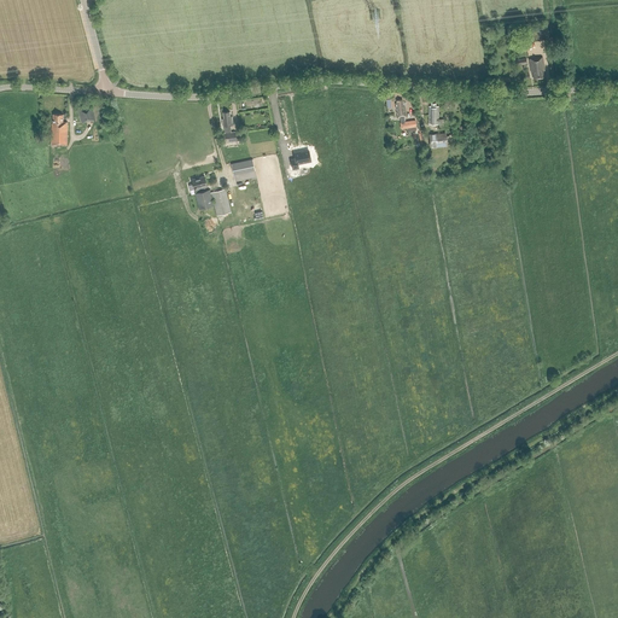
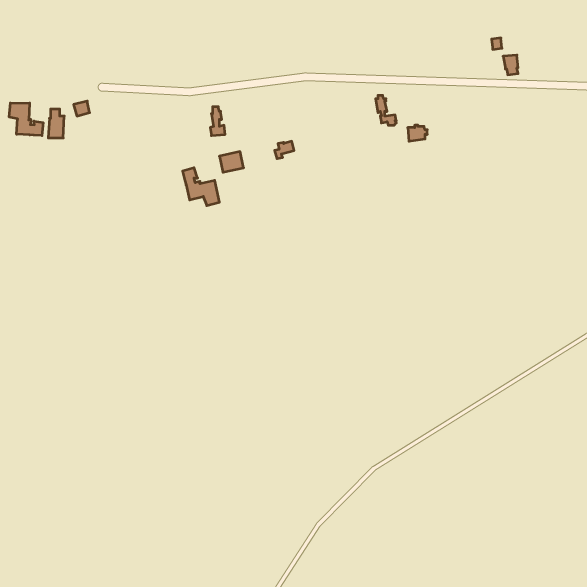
building: none -> [9,103,43,136]

